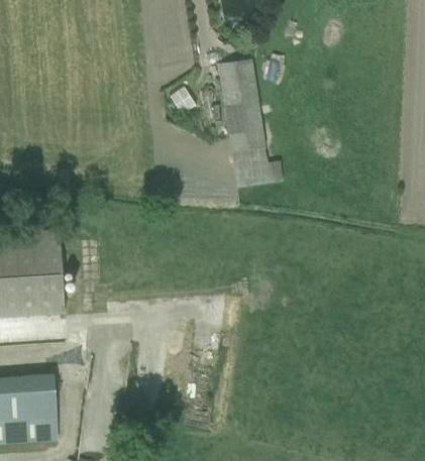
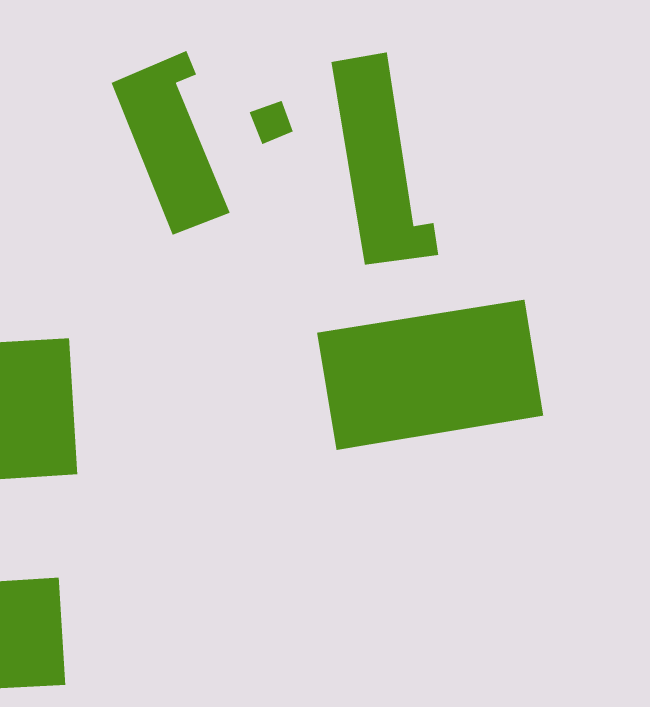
building: none -> [111,50,231,236]
building: none -> [316,299,544,451]

